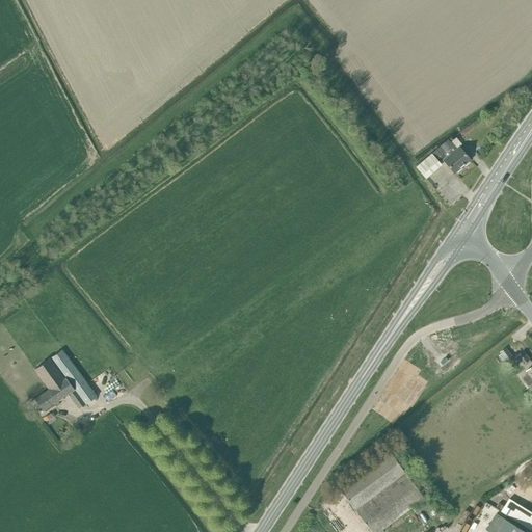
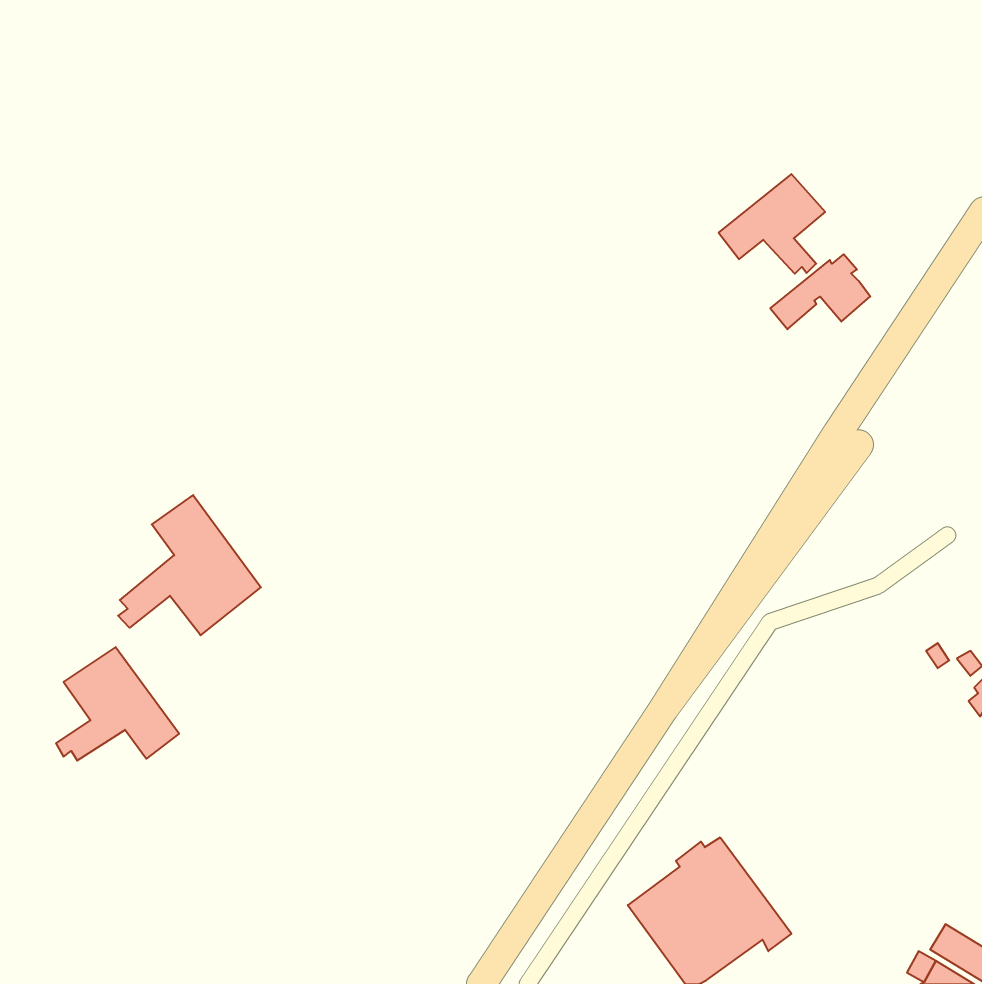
building: none -> [719,174,825,274]
building: none -> [118,495,261,635]

